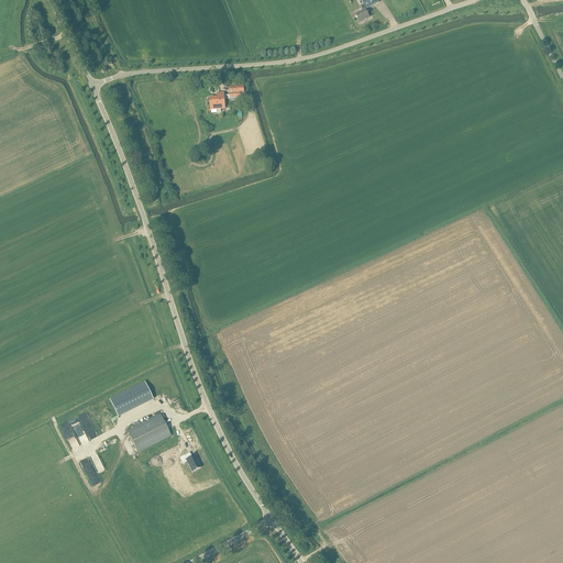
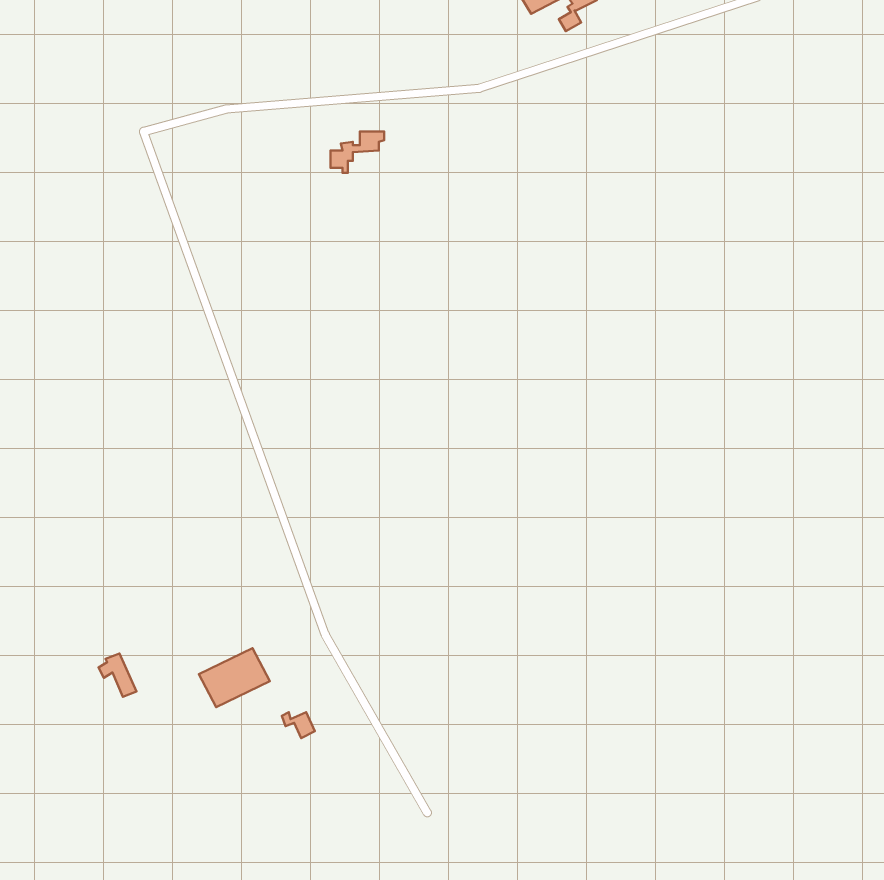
building: [110,380,153,413] -> none

